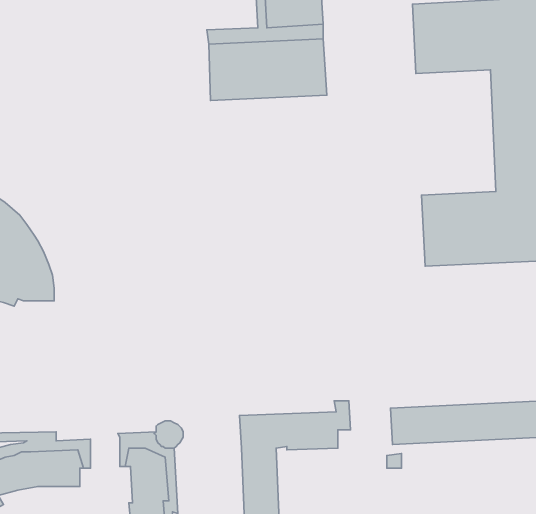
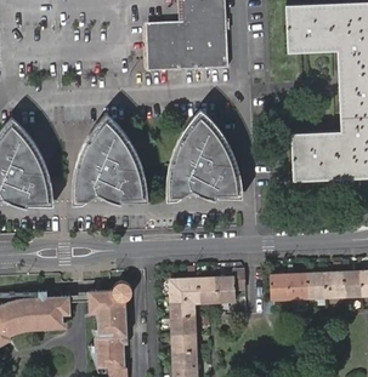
building: none -> [172,120,236,198]
building: none -> [79,128,141,201]

